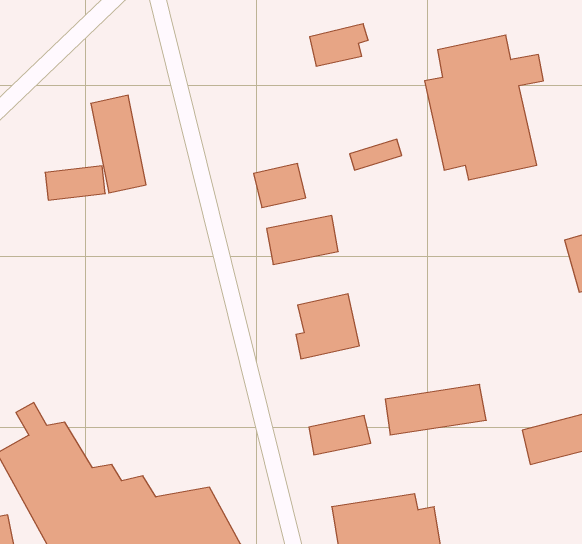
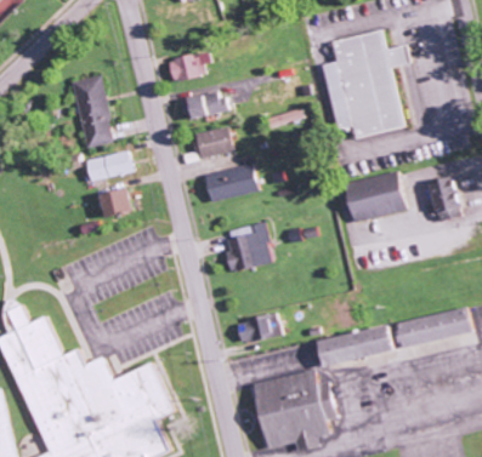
building: [310,24,368,66] -> [164,51,208,82]
building: none -> [181,92,221,119]
building: [45,166,105,200] -> [83,154,127,179]
building: none -> [340,173,401,222]
building: none -> [92,188,126,218]
building: [385,384,486,435] -> [311,327,386,365]

